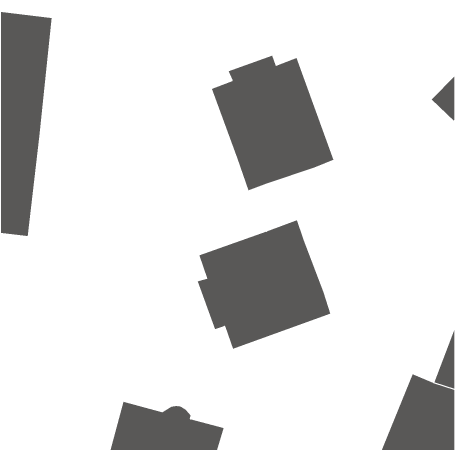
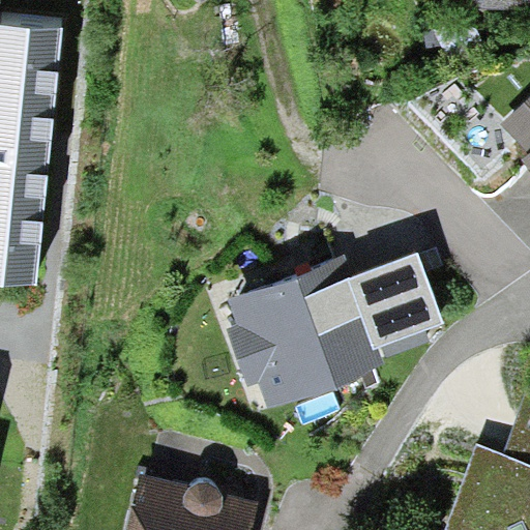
building: [211,55,334,191] -> none
building: none -> [354,261,443,360]

